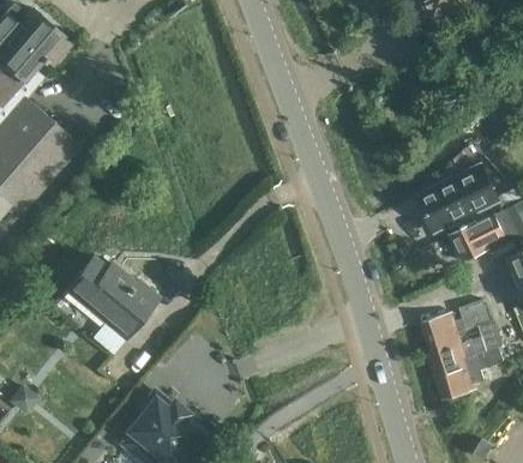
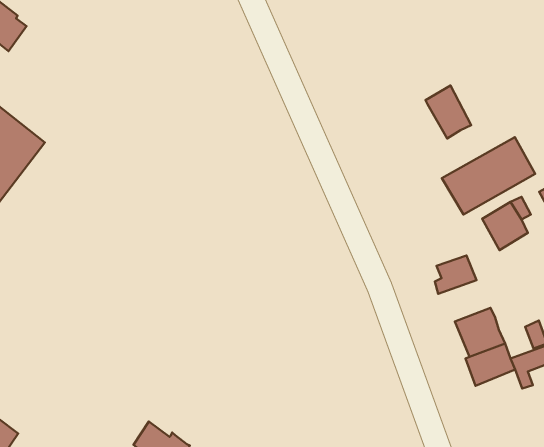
building: none -> [425,86,471,138]
building: [65,258,157,337] -> none
building: [455,300,491,331] -> [435,256,477,294]
building: [434,366,476,401] -> none

